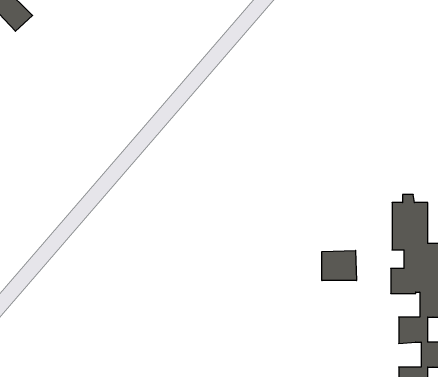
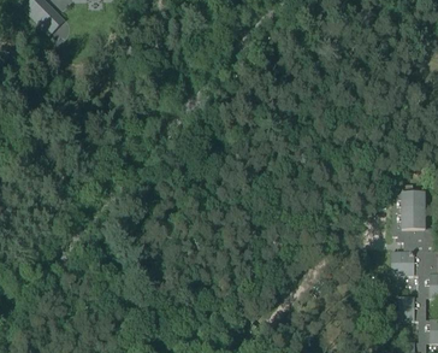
building: [322,250,356,281] -> none

